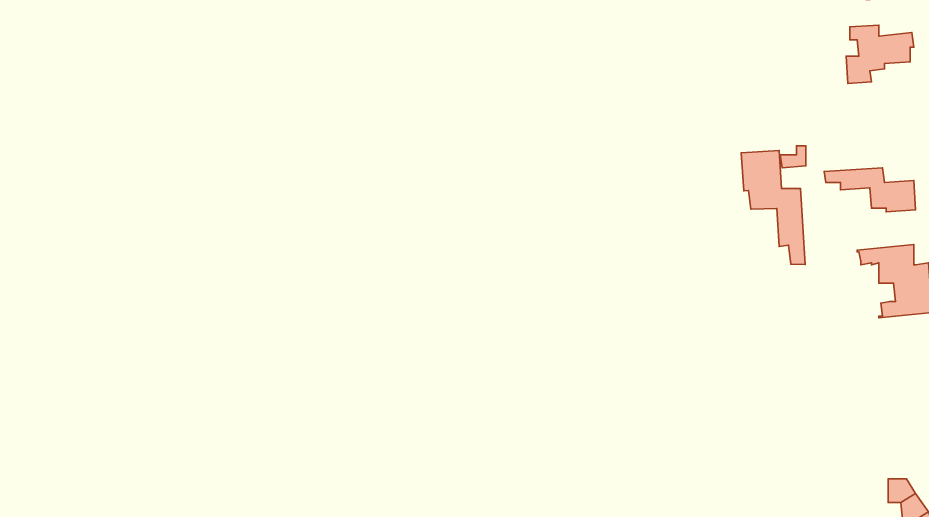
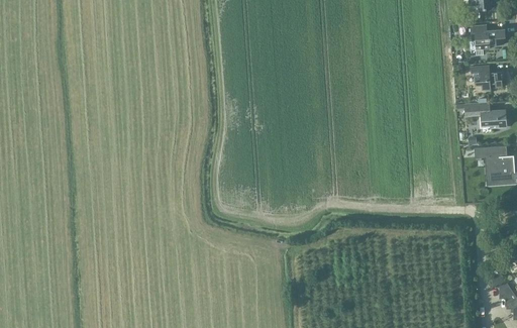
building: none -> [471,65,504,90]
building: [741,151,805,265] -> none

